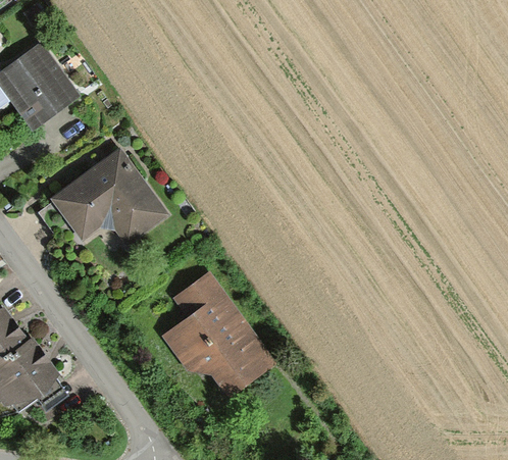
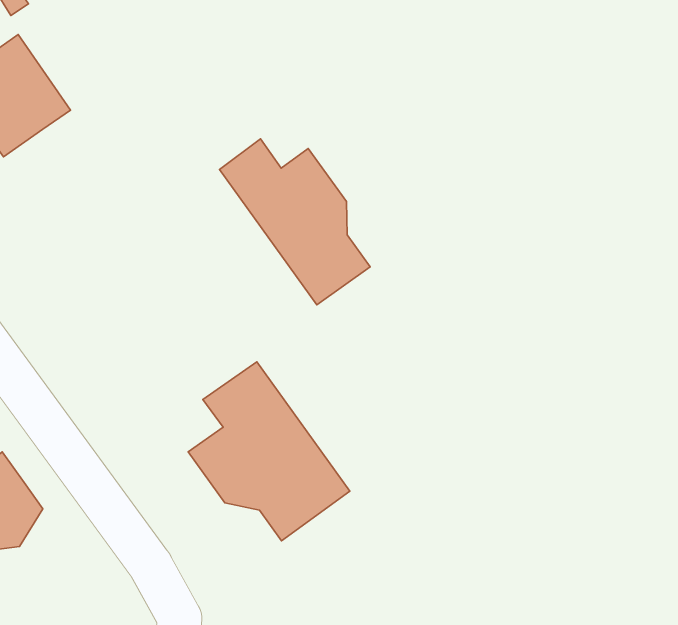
building: none -> [219,139,370,305]
building: [47,147,168,245] -> none

